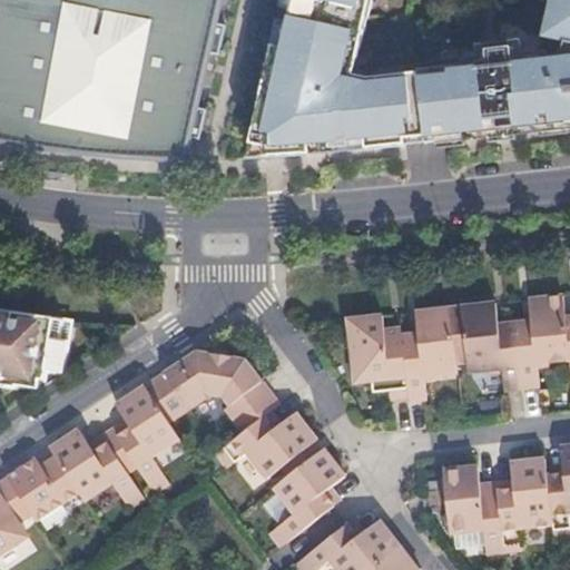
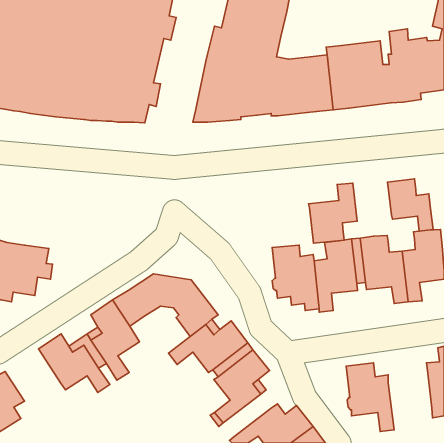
building: none -> [388,179,433,231]
building: none -> [308,183,357,243]
building: [7,445,78,519] -> none
building: [495,456,551,549] -> none

